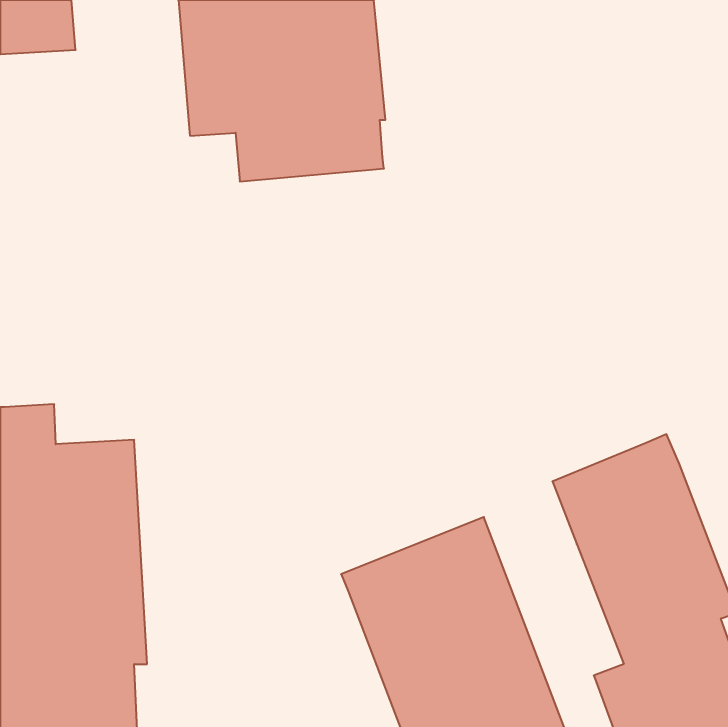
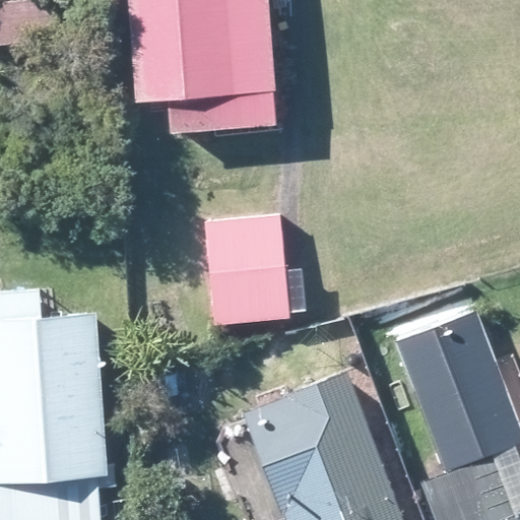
building: none -> [205,214,289,323]

